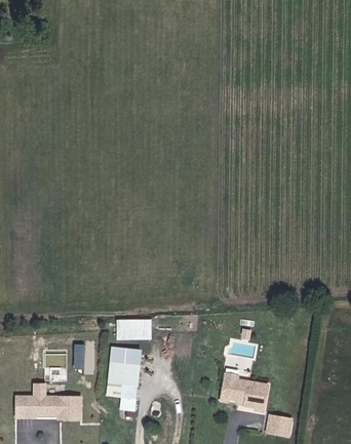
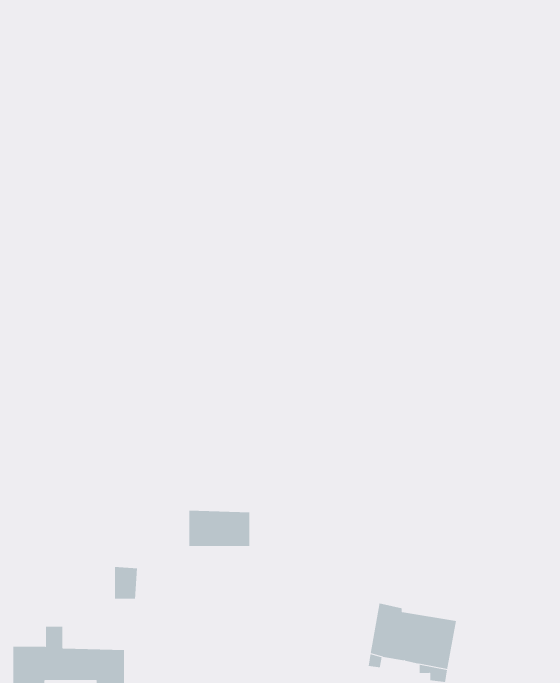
building: [107,348,140,410] -> none

